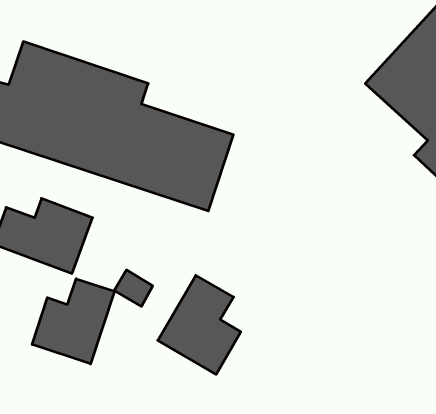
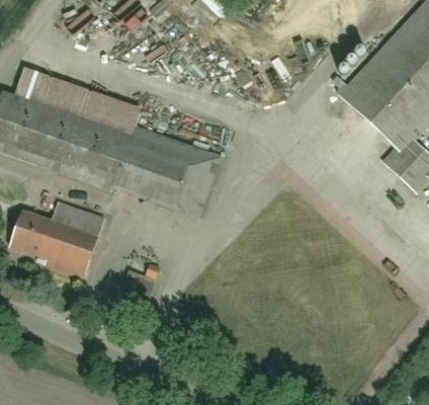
building: [158,275,241,374] -> none
building: [32,279,114,364] -> none

